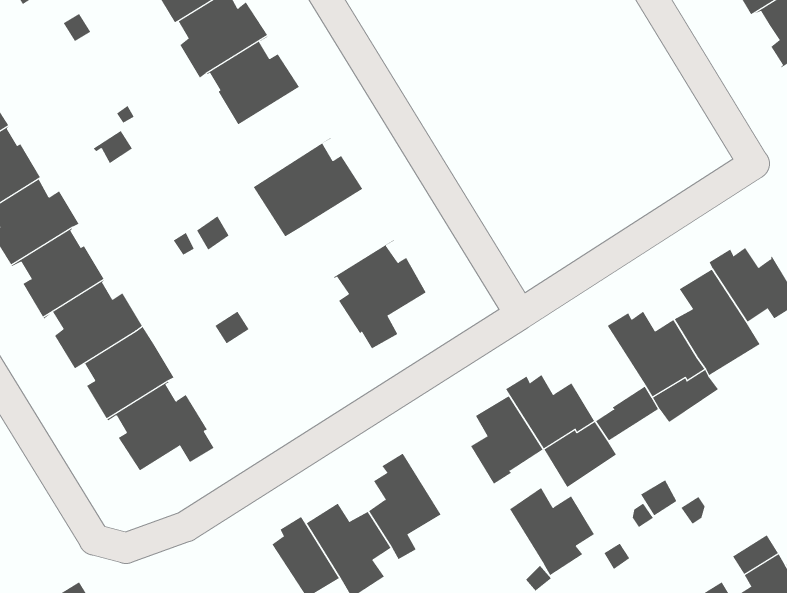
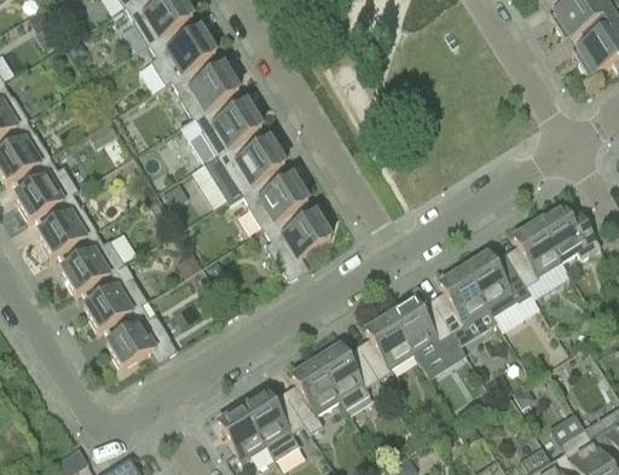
building: none -> [181,89,261,162]
building: none -> [239,163,307,227]
building: none -> [435,262,488,331]
building: [505,487,595,576] -> [313,343,378,407]

